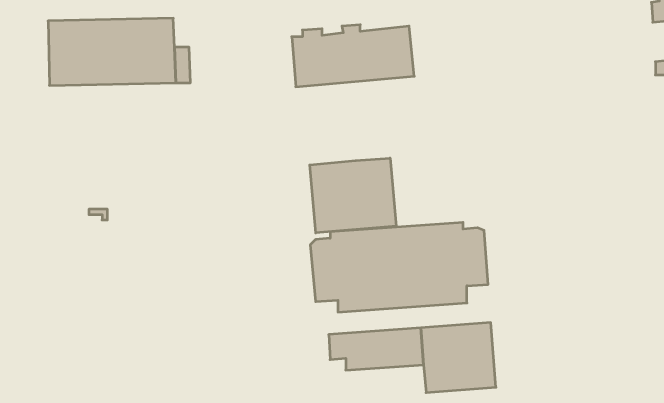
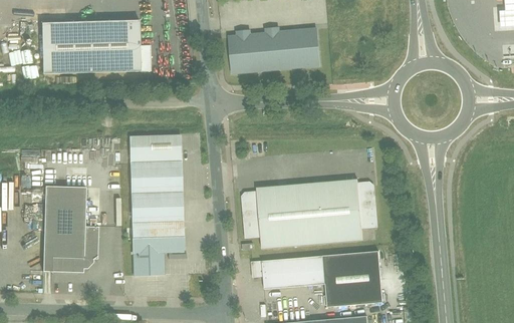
building: [310,158,396,233] -> none
building: none -> [130,135,183,274]
building: none -> [45,189,98,269]

